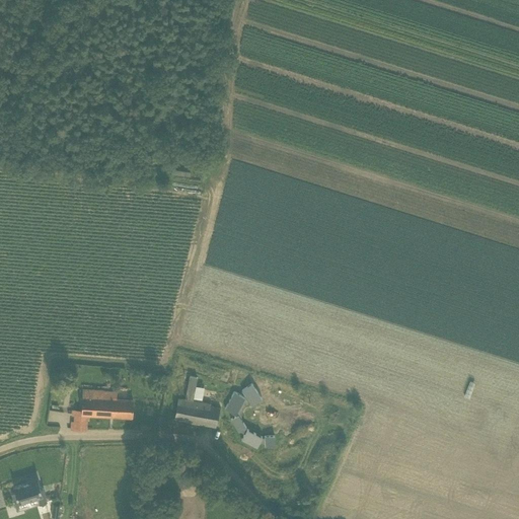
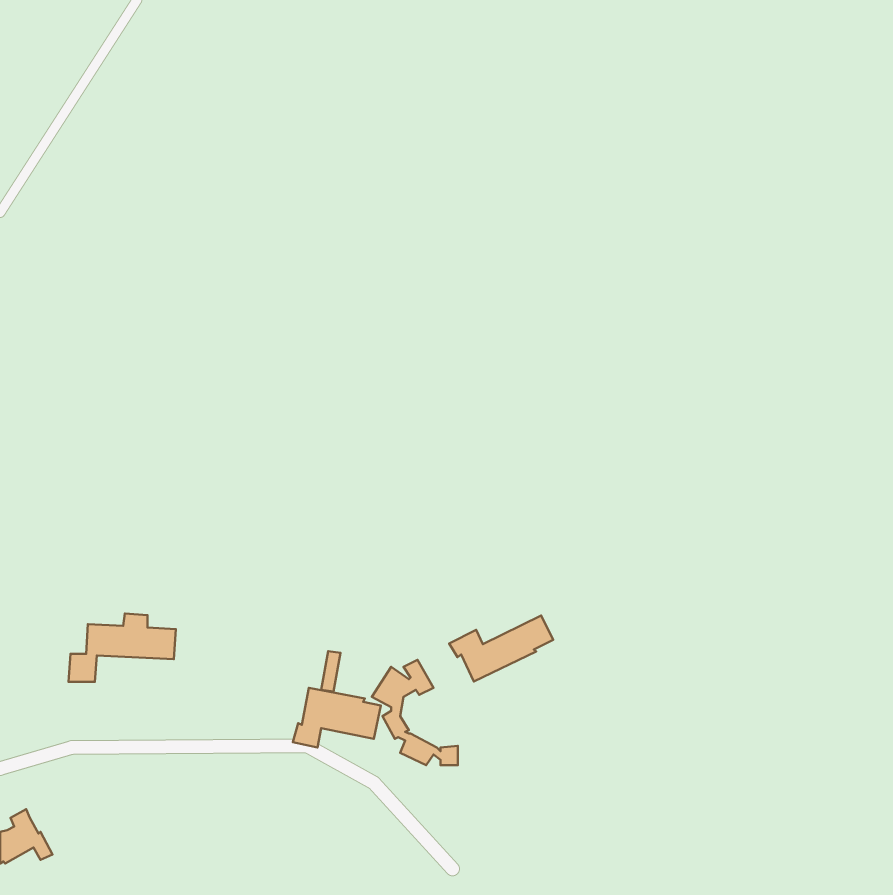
building: none -> [449,616,553,682]
building: [73,391,135,431] -> [69,614,176,682]

